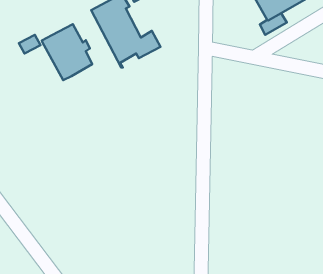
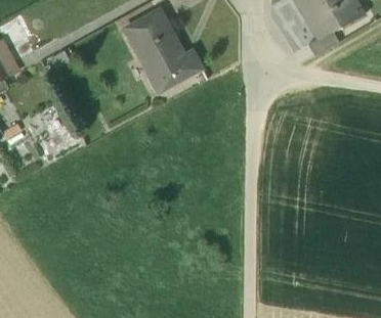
building: [42,24,92,80] -> none

